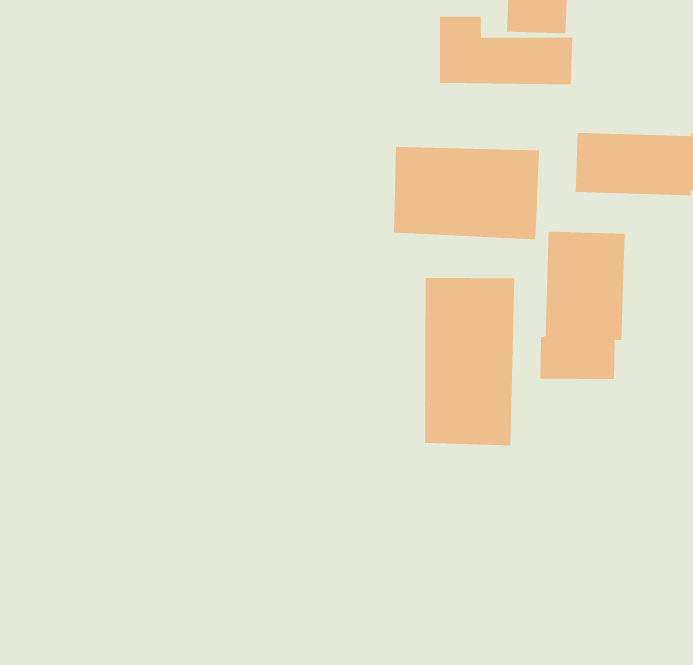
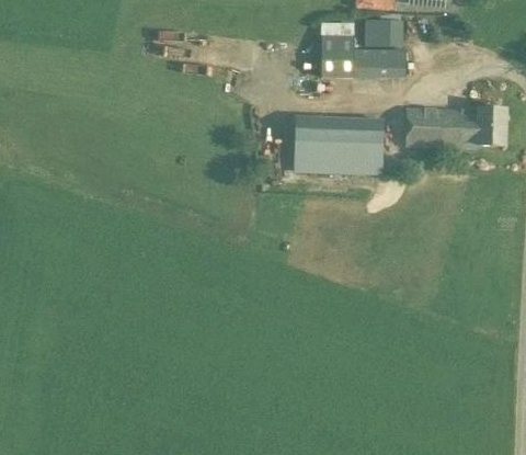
building: [540,231,625,380] -> none
building: [425,277,515,446] -> none

